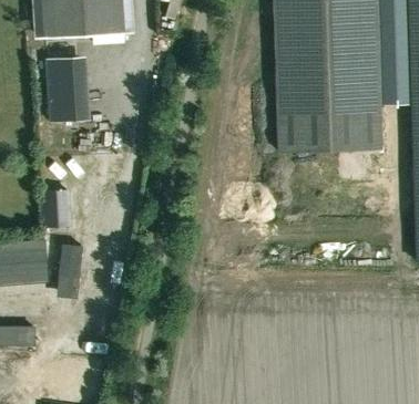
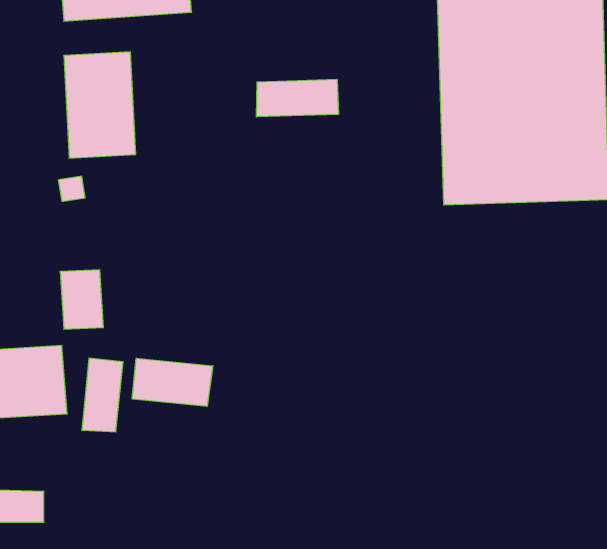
building: none -> [256,79,338,117]
building: none -> [132,358,213,406]

